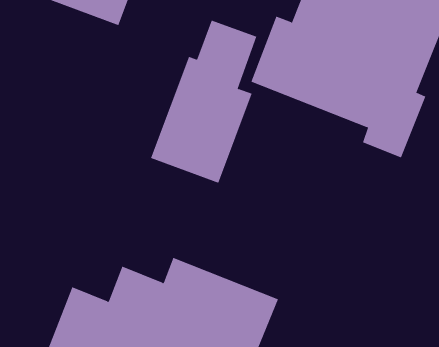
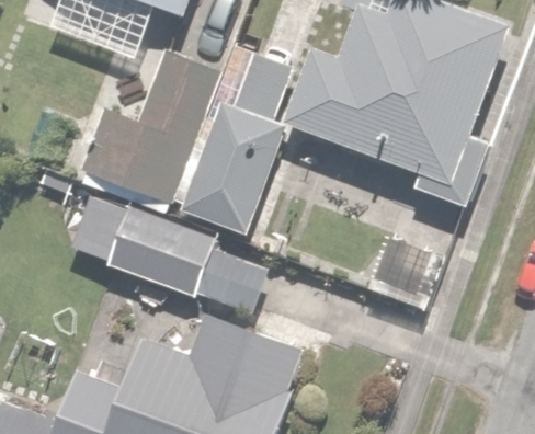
building: none -> [75,47,224,208]
building: none -> [62,183,261,311]

